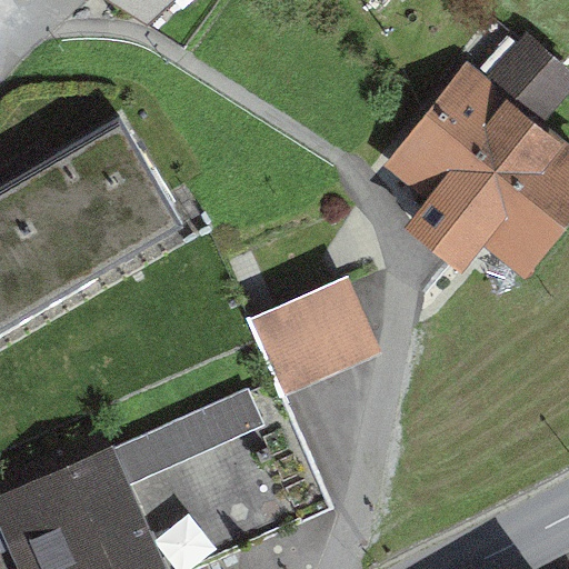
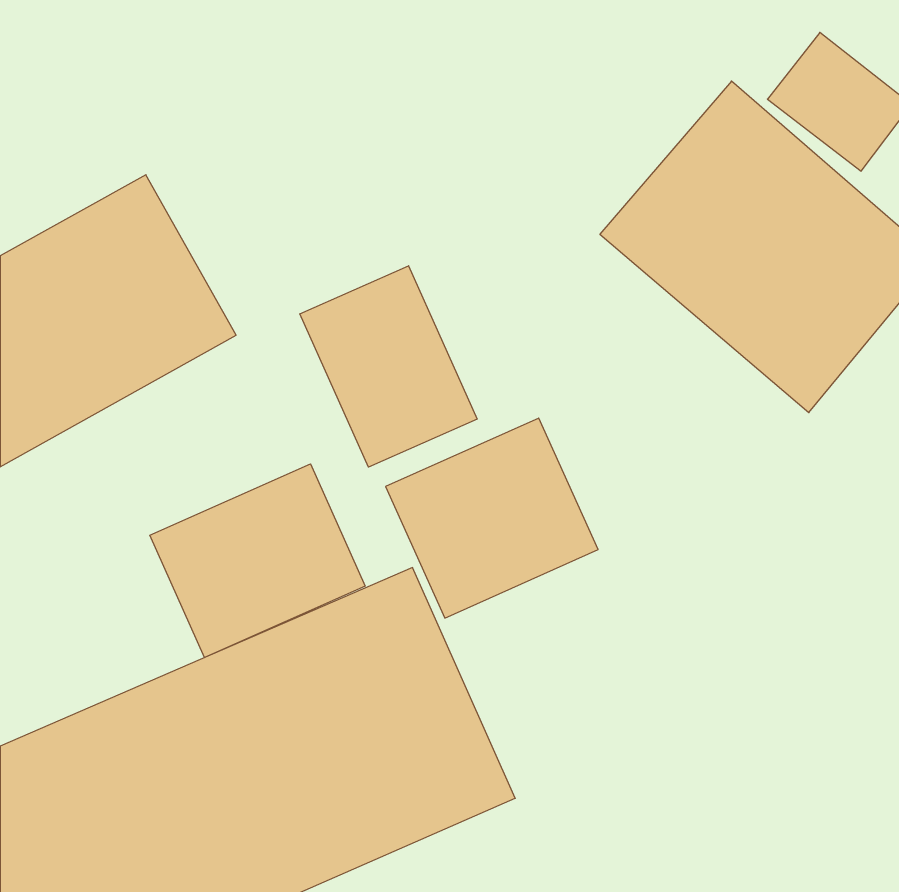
building: none -> [300,266,477,467]
building: none -> [150,464,365,657]

